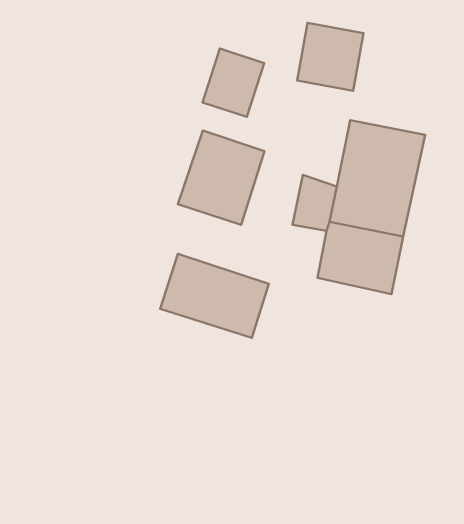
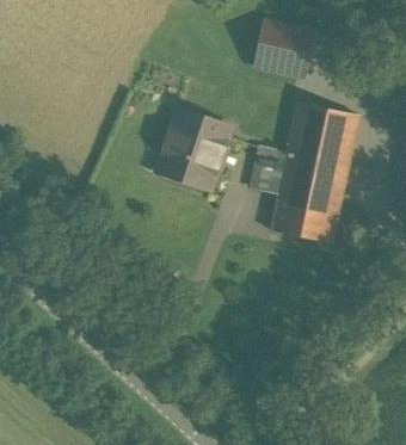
building: [203,49,264,117] -> none
building: [160,254,269,338] -> none

